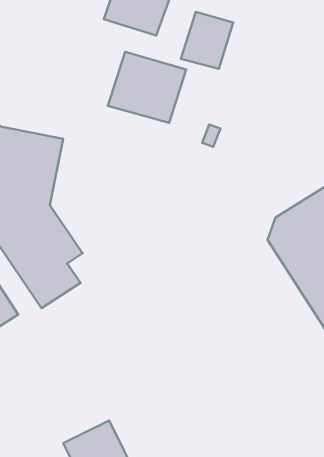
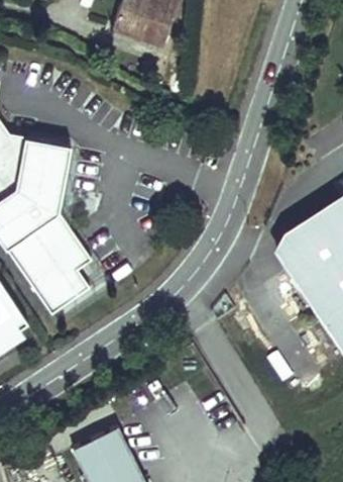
building: [181,12,233,69] -> none
building: [108,52,186,123] -> none

